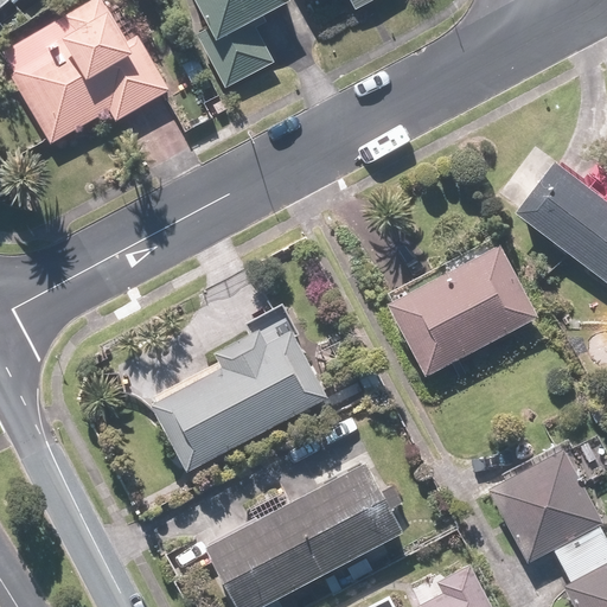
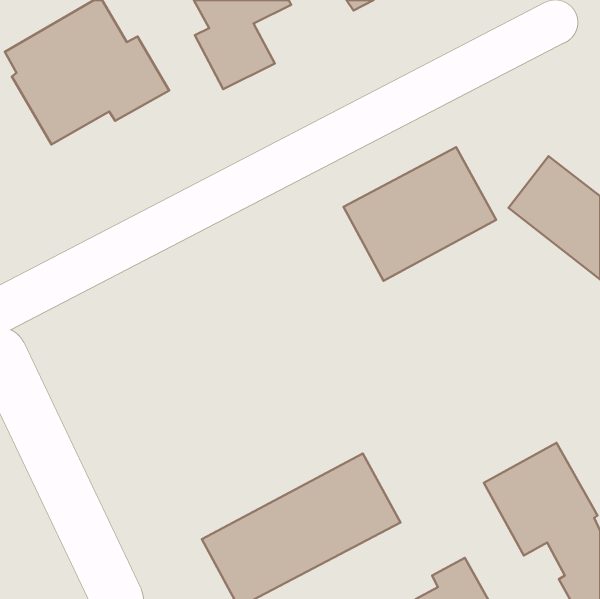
building: [385,242,539,377] -> [344,147,496,281]
building: [152,327,330,471] -> none

